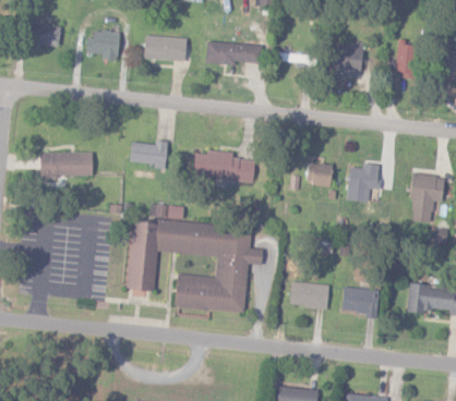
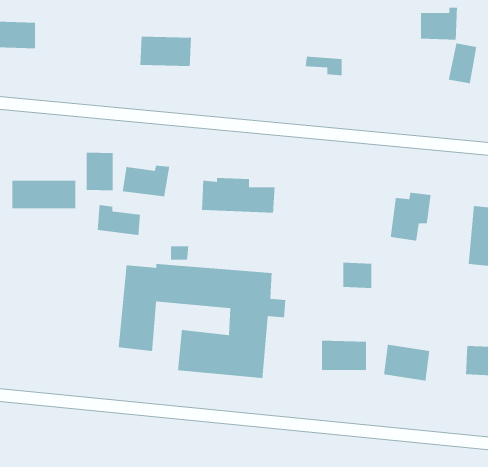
building: [89,31,119,60] -> none
building: [206,42,261,64] -> none
building: [333,42,363,70] -> [420,7,458,41]
building: none -> [86,152,113,191]
building: [308,163,332,185] -> [343,262,372,289]
building: none -> [97,204,141,236]

